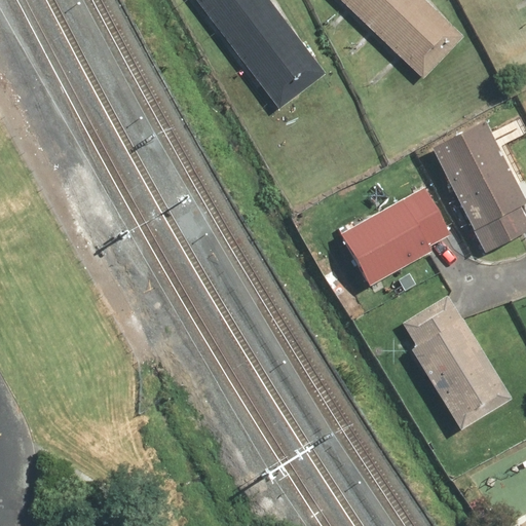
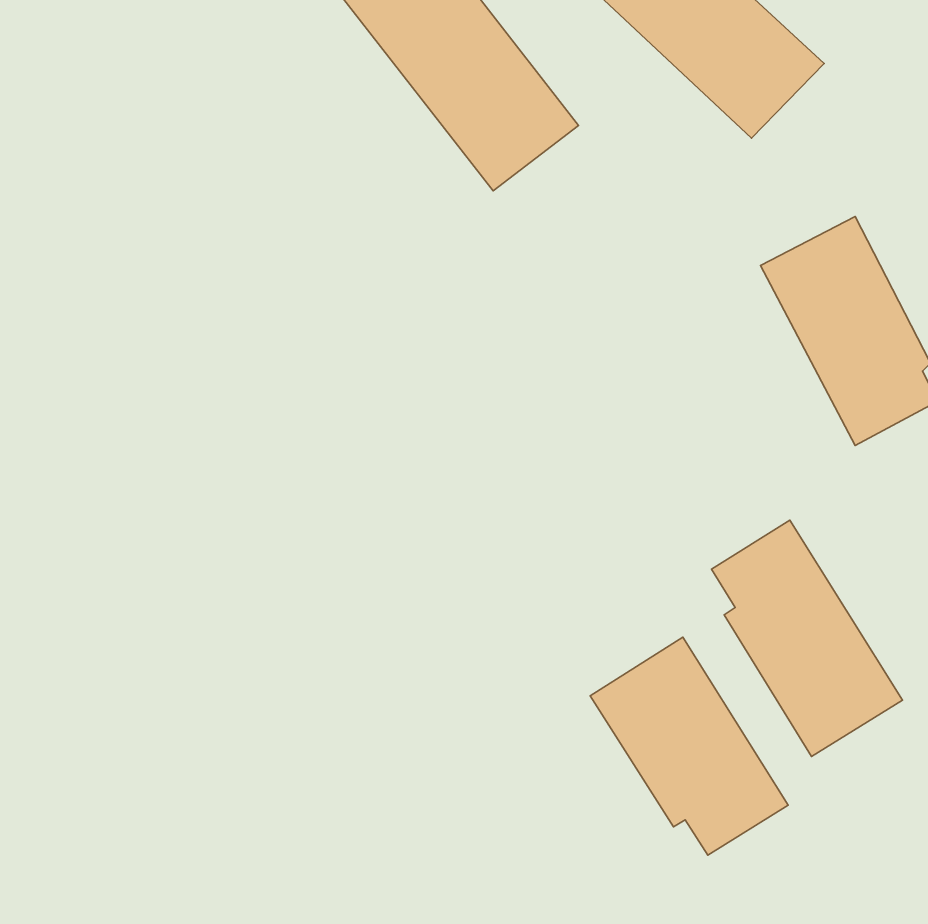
building: [339,184,454,286] -> none
building: none -> [590,637,788,855]

